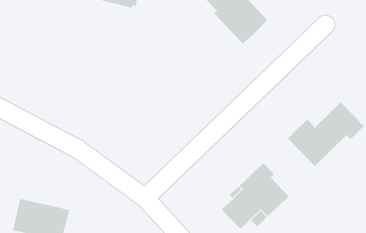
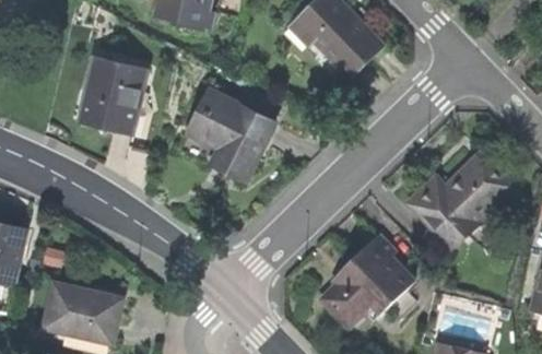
building: none -> [80,58,145,130]
building: none -> [188,90,274,180]

